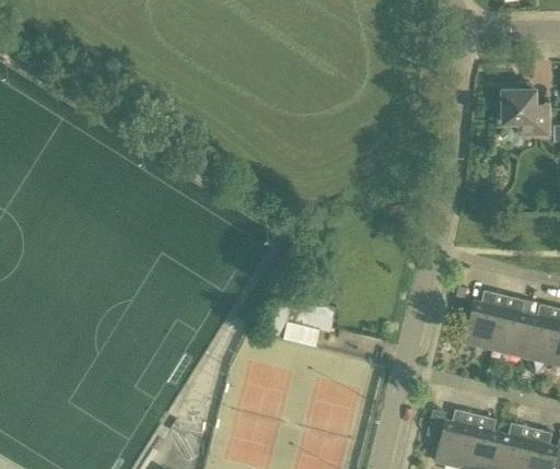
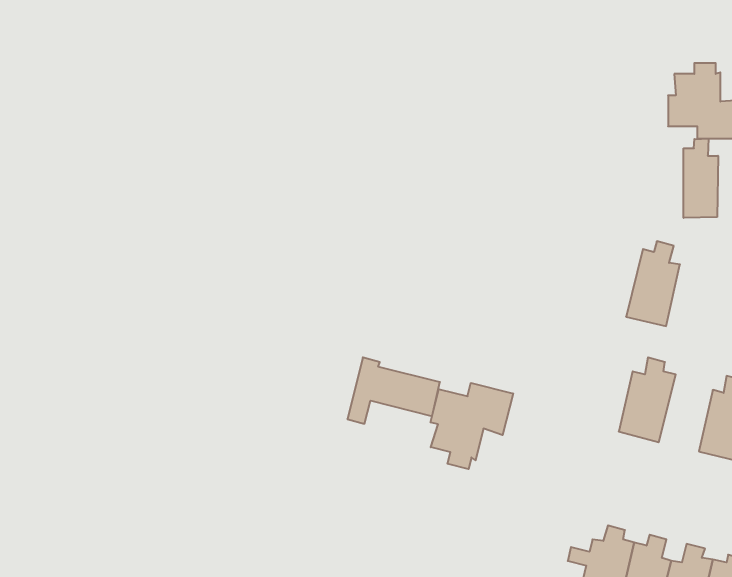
building: none -> [684,139,718,218]
building: [493,296,532,356] -> [626,241,680,326]
building: none -> [431,383,513,469]

